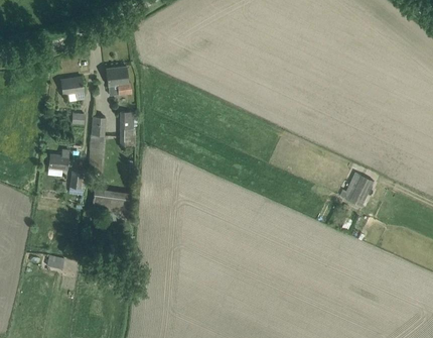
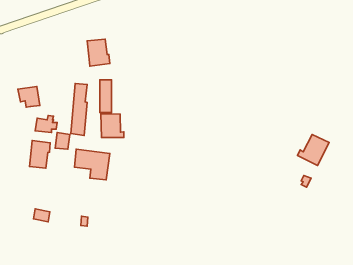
building: [60,77,85,100] -> [18,86,40,107]
building: none -> [101,114,124,137]
building: none -> [29,140,50,168]

